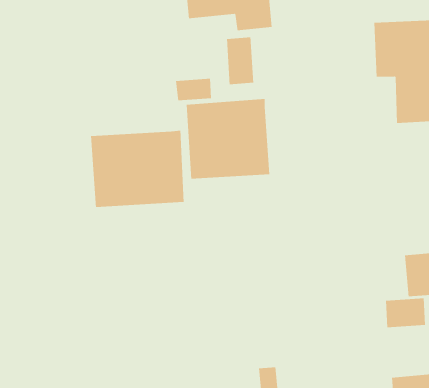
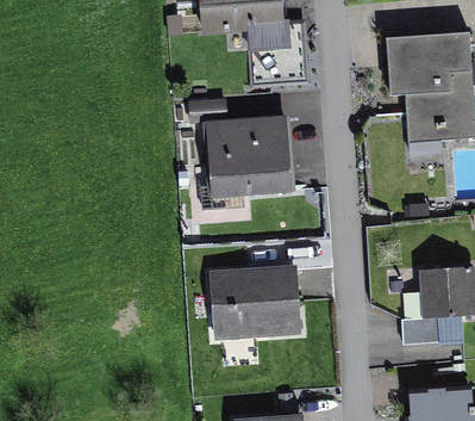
building: [226,36,254,85] -> none
building: [91,130,184,208] -> none
building: none -> [211,265,298,336]

